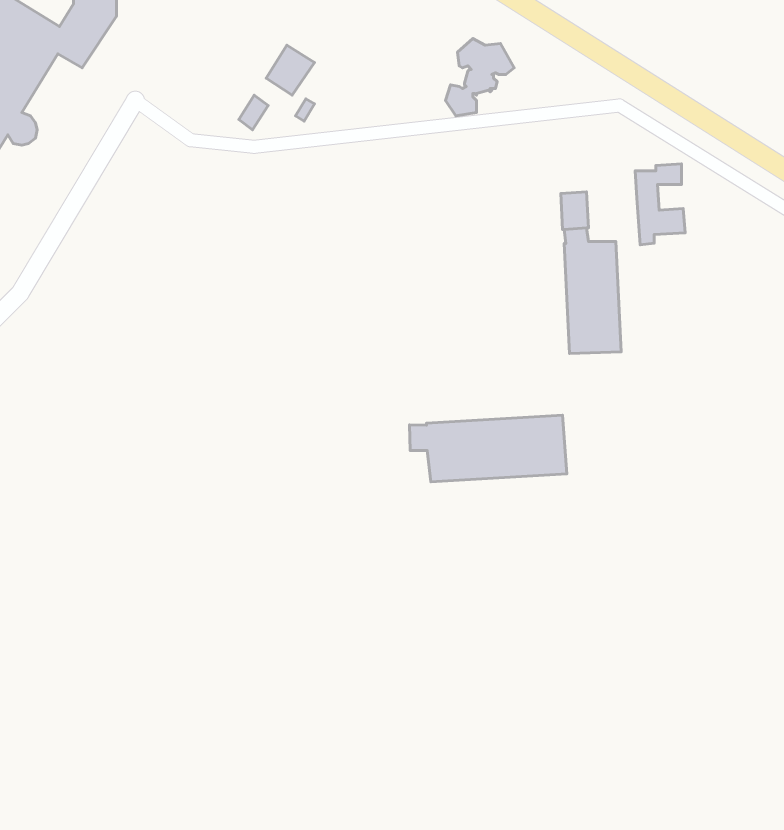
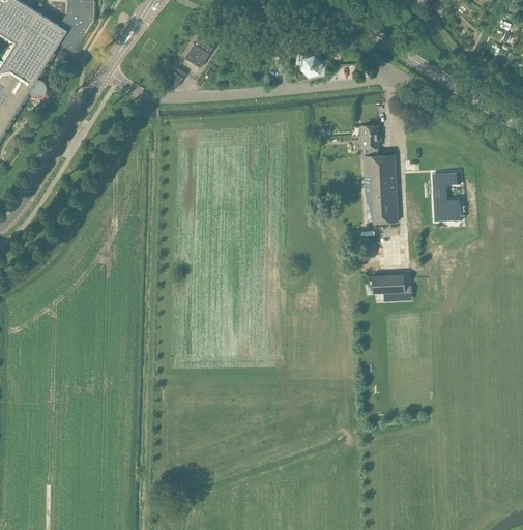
building: [635,164,685,245] -> [431,172,461,220]
building: [409,415,567,482] -> none
building: none -> [371,274,403,293]

